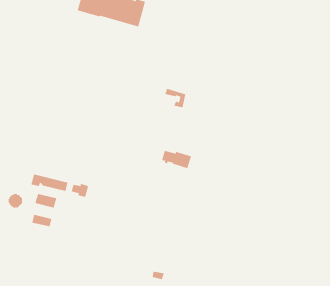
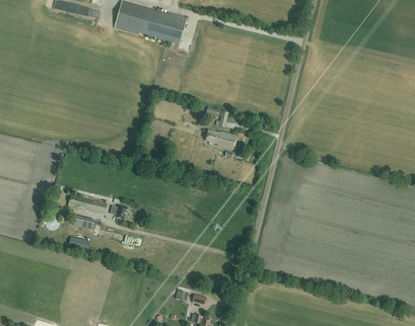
building: [161,150,192,169] -> [205,130,236,149]

